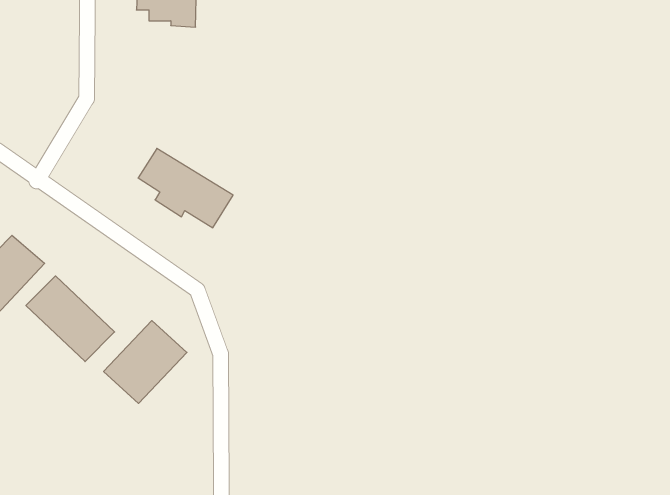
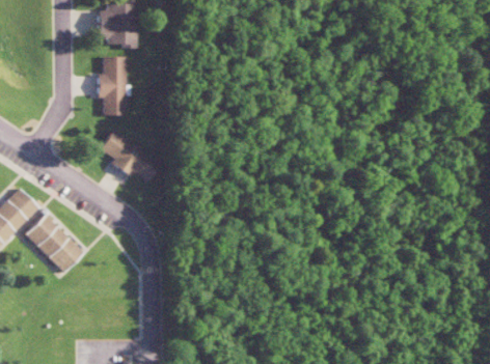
building: none -> [96,56,126,115]
building: [104,321,187,403] -> none

